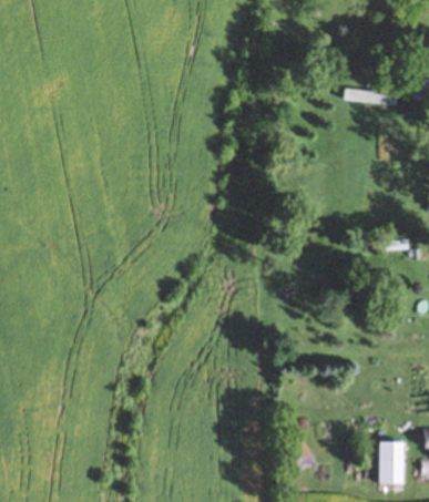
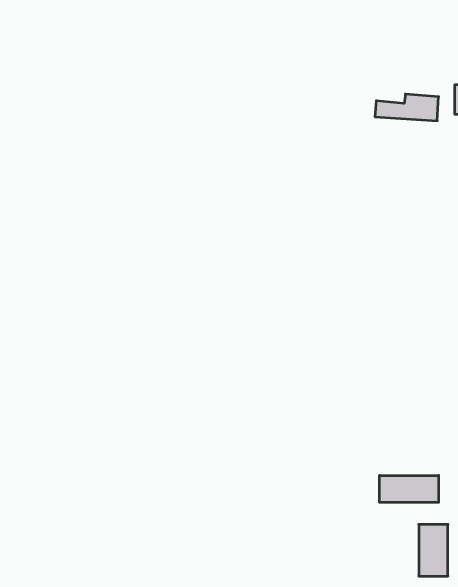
building: none -> [380,475,439,502]

